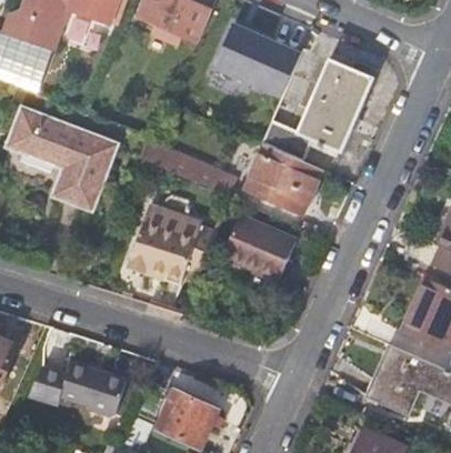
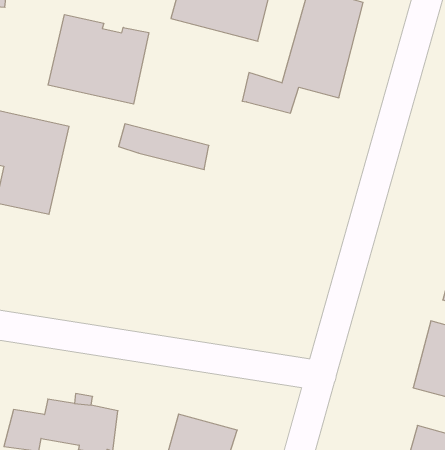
building: none -> [48,15,149,104]
building: [247,144,322,213] -> none
building: [128,208,218,285] -> none
building: [223,217,298,280] -> none

